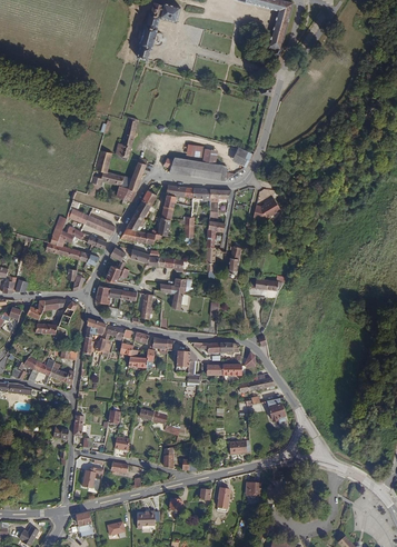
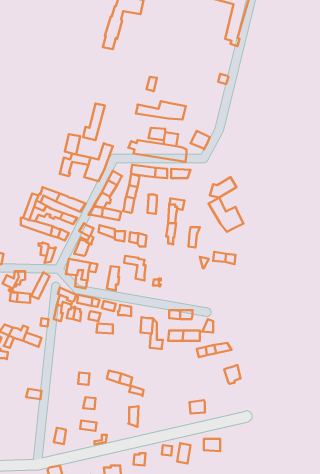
building: none -> [136,101,186,120]
building: none -> [209,197,244,232]

